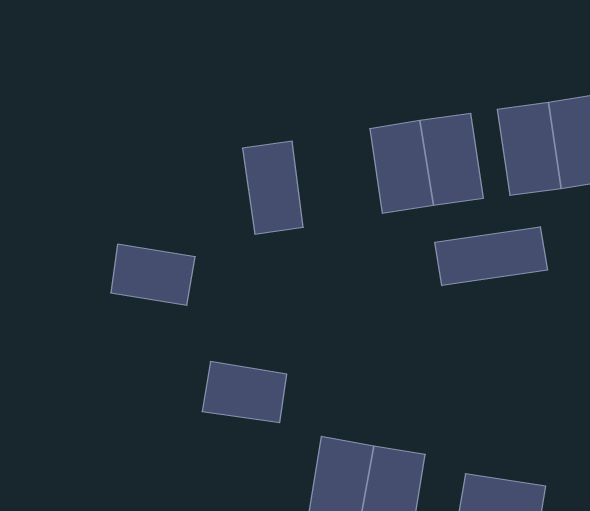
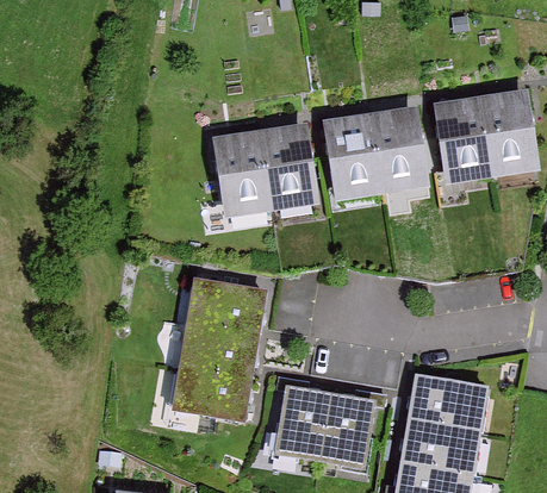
building: none -> [260,127,312,207]
building: [435,227,547,286] -> none
building: [111,244,195,305] -> [189,281,262,333]
building: none -> [175,366,249,418]
building: none -> [409,376,485,430]

